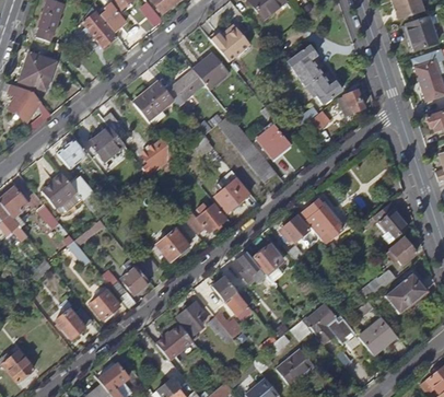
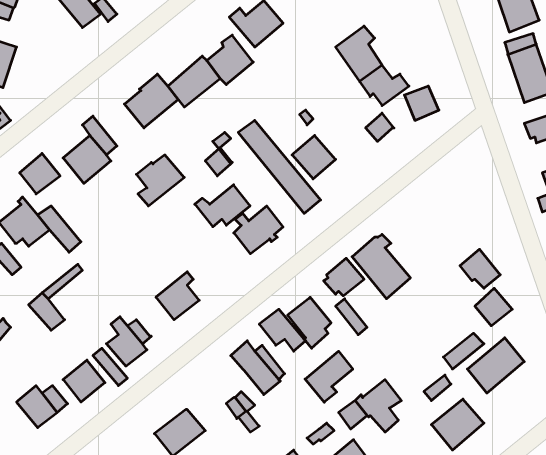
building: [186,203,226,234] -> [195,185,250,227]
building: none -> [305,351,353,402]
building: [176,301,203,341] -> none

